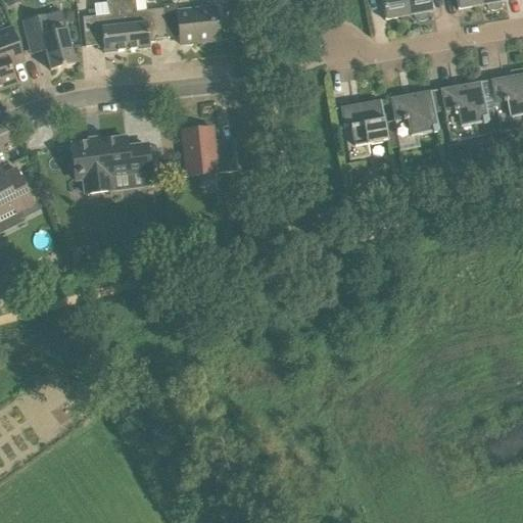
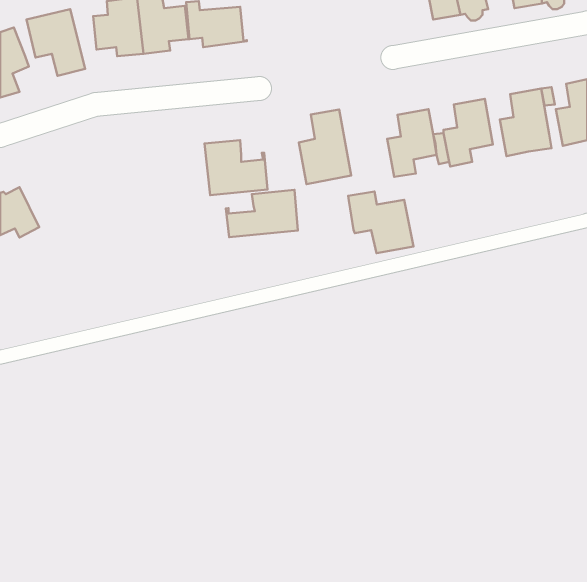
building: none -> [299,109,351,184]
building: [72,134,151,191] -> none
building: none -> [226,190,298,237]
building: none -> [348,192,413,253]

